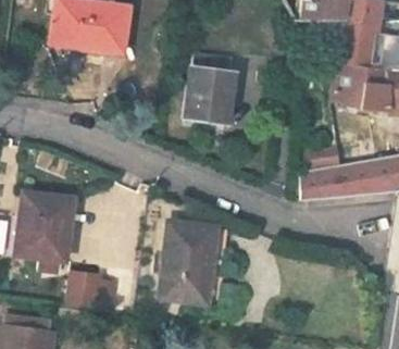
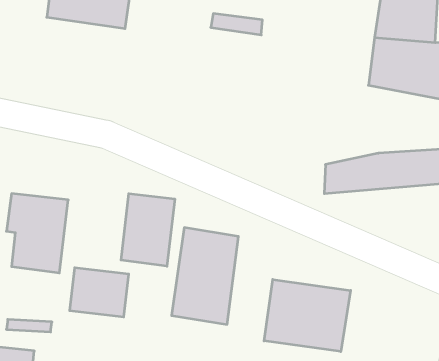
building: [187,62,236,124] -> none
building: none -> [121,194,175,266]
building: none -> [264,279,351,352]

